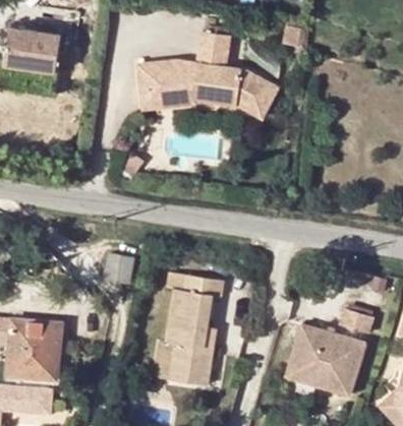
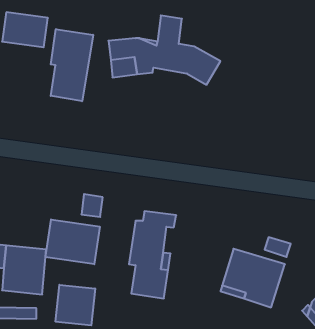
building: none -> [51,29,93,101]
building: none -> [46,219,100,264]
building: none -> [56,285,95,325]

